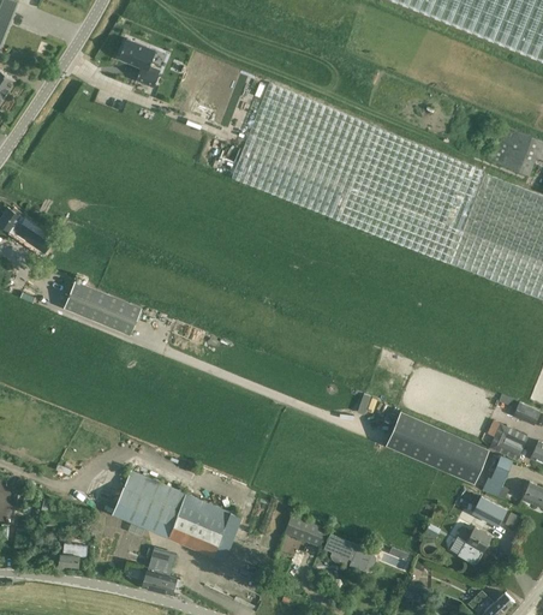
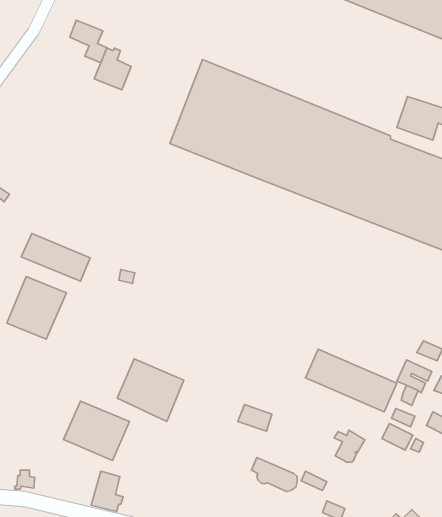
building: none -> [94,48,131,90]
building: none -> [7,276,66,339]
building: [167,492,243,563] -> [117,359,184,422]
building: [287,517,326,547] -> [238,405,272,431]
building: [457,526,491,562] -> [334,430,365,462]

